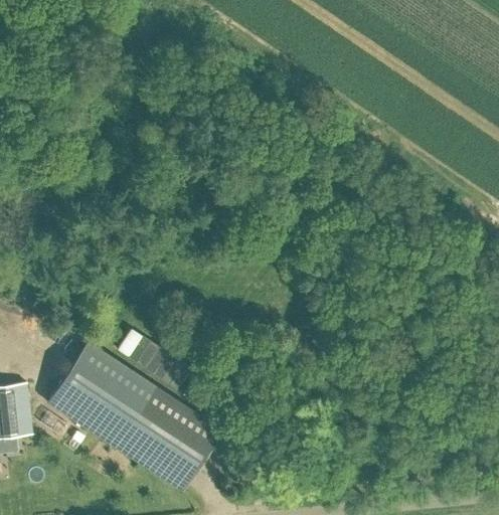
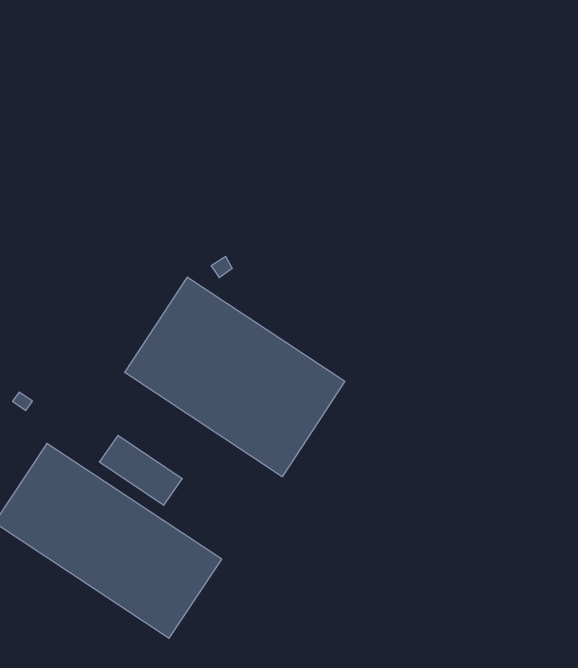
building: none -> [125,277,345,477]

